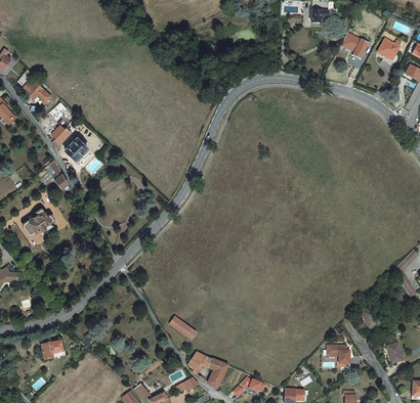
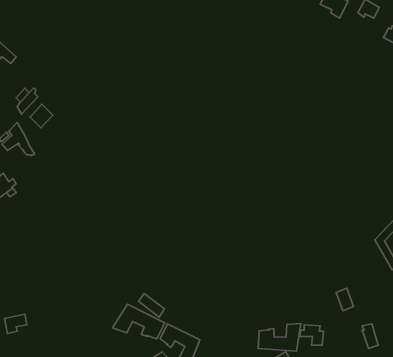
building: none -> [113,304,165,339]
building: none -> [258,323,301,351]

